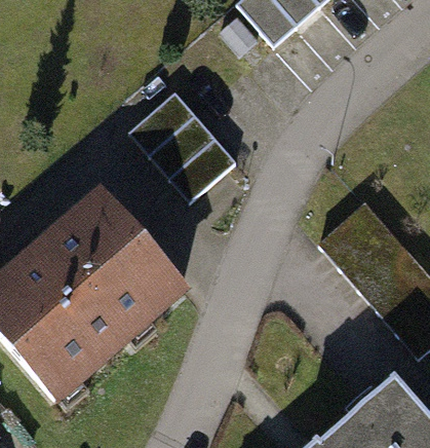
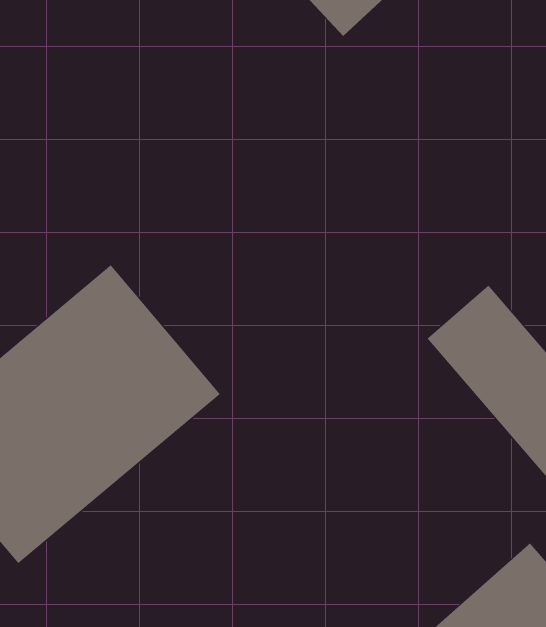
building: [127,86,218,178] -> none

